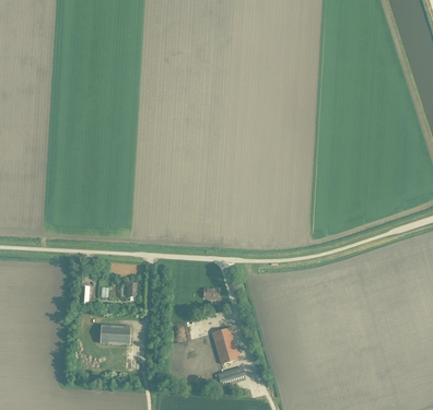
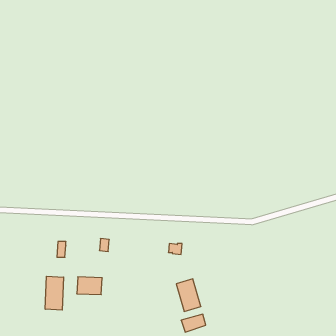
building: none -> [45,276,64,310]

